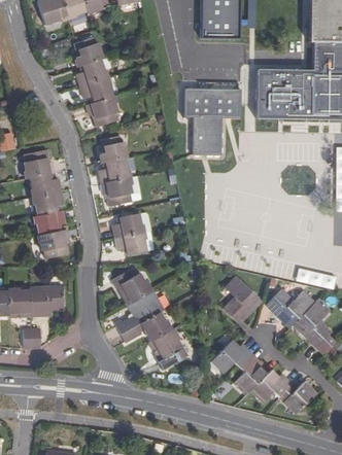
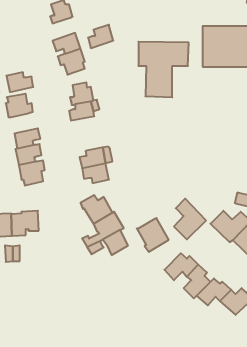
building: [76,59,106,86] -> [88,25,113,48]
building: [30,173,62,197] -> [6,72,33,92]
building: [101,176,132,205] -> none
building: [147,328,185,369] -> [137,218,169,252]

